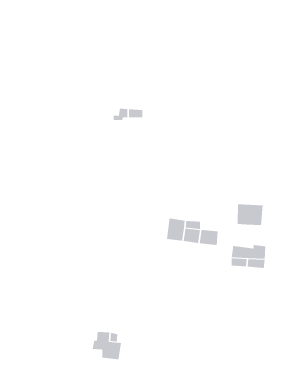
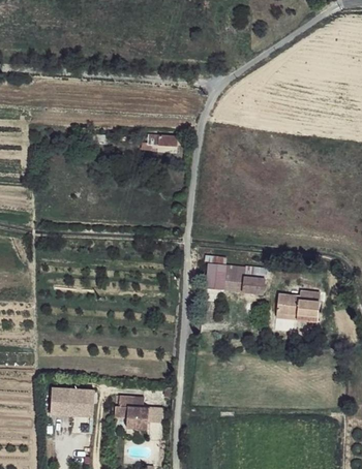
building: [237,204,263,226] -> none
building: none -> [53,384,98,415]

